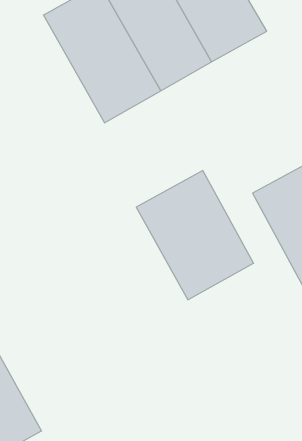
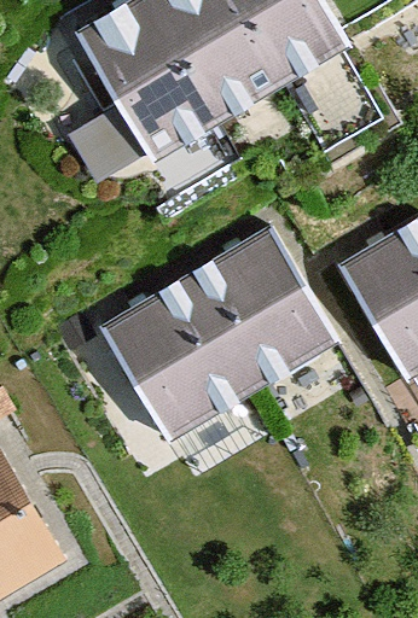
building: none -> [98,275,254,443]

